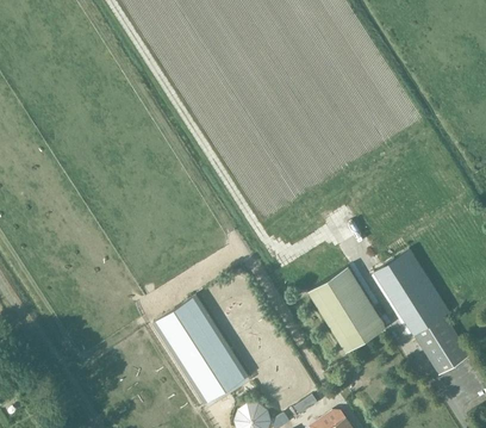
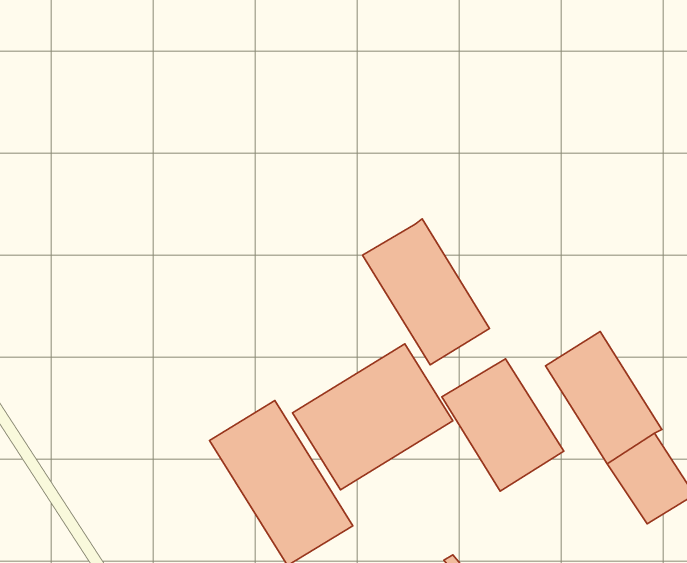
building: none -> [363,219,490,365]
building: none -> [292,344,453,490]

